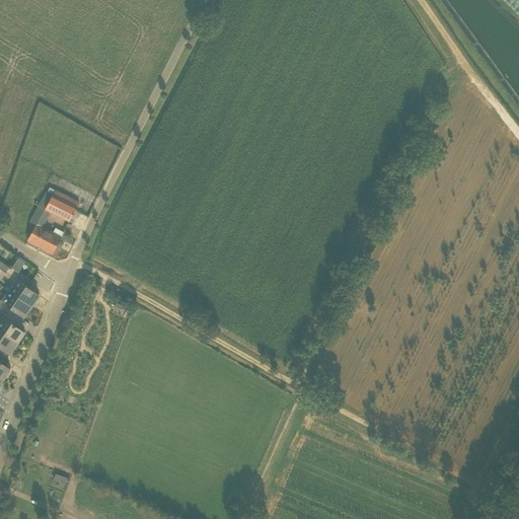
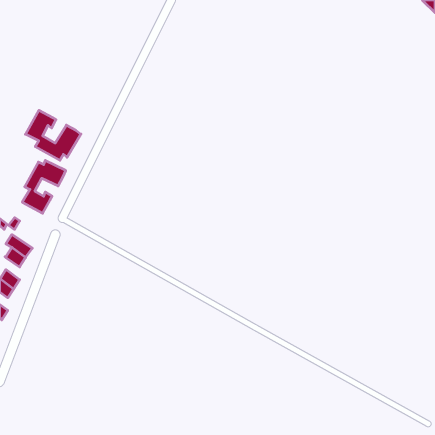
building: none -> [25,110,81,160]

